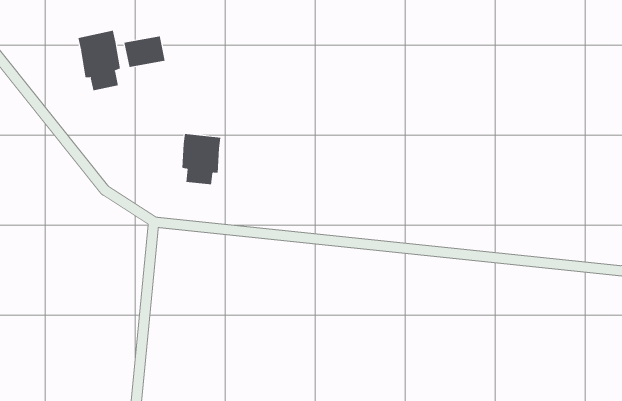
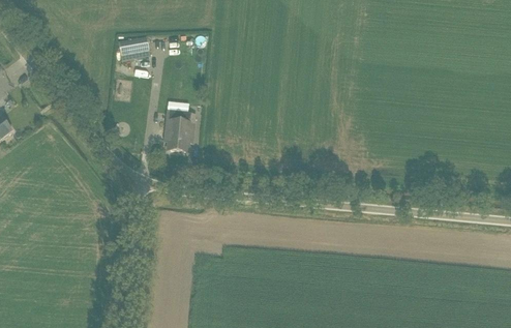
building: [78,30,120,91] -> none

